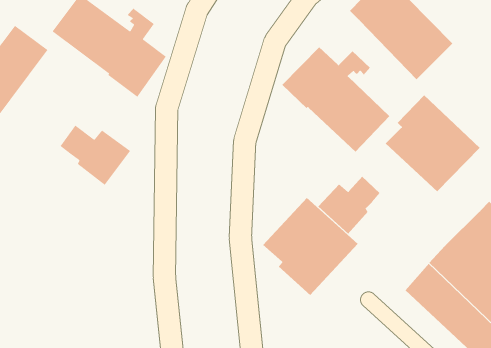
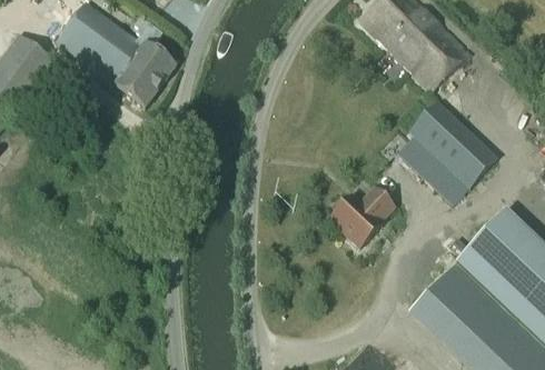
building: [281,47,390,153] -> none
building: [59,125,131,186] -> none
building: [262,197,358,296] -> none

